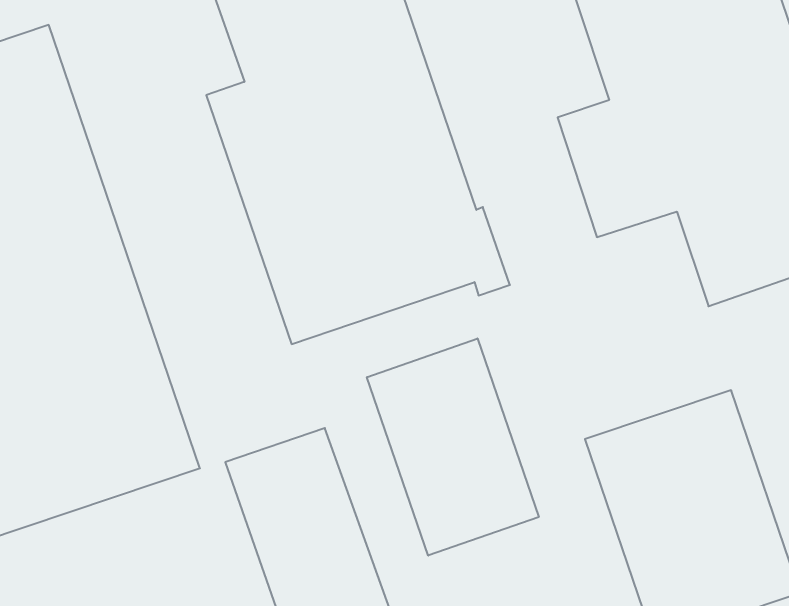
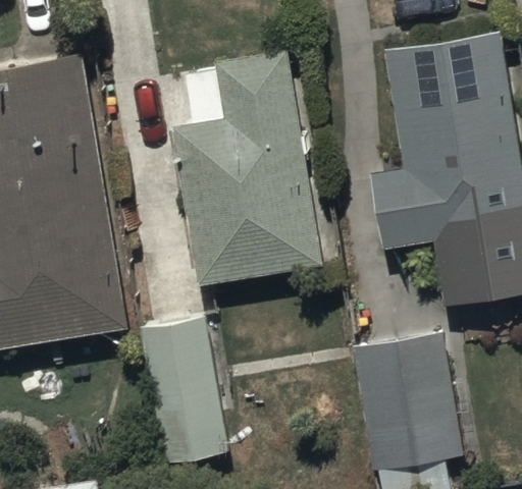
building: [367,338,539,556] -> none

